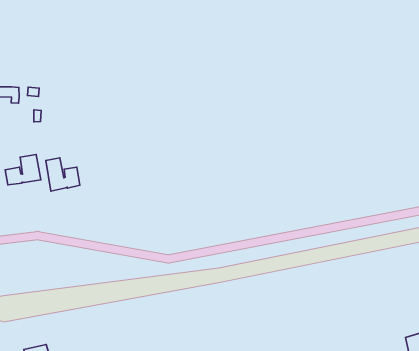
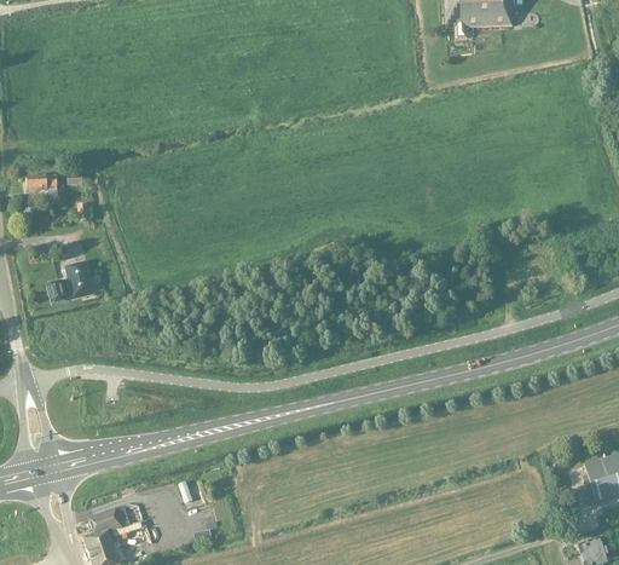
building: [46,158,80,191] -> none

